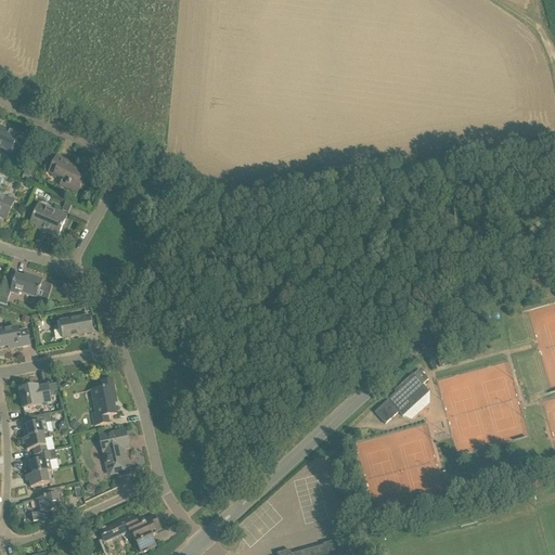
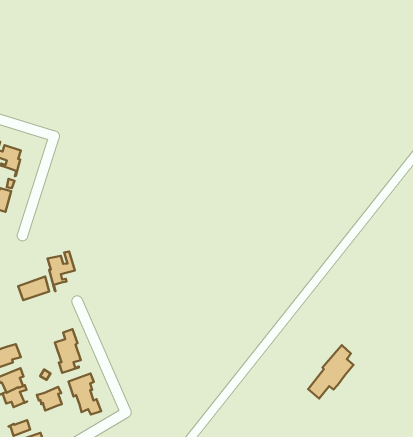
building: none -> [47,252,75,291]
building: [374,366,428,422] -> [308,345,353,398]
building: [25,449,52,473] -> [37,387,62,410]

